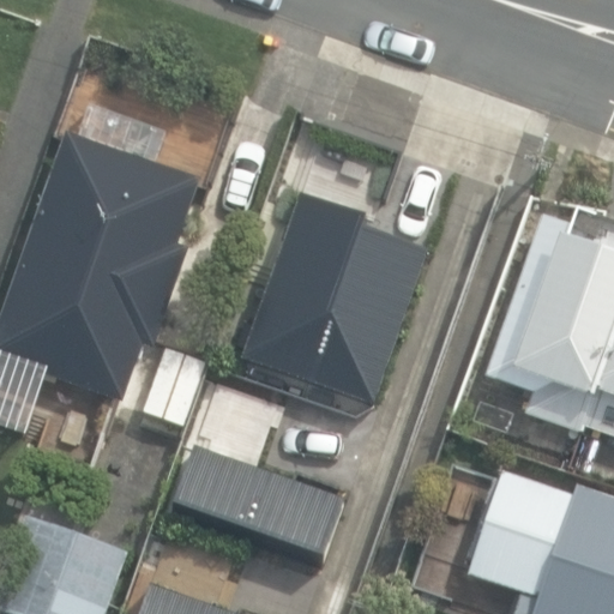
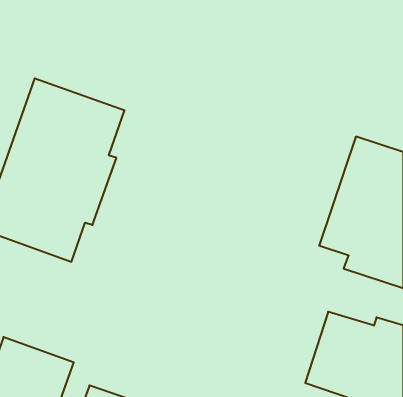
building: [242,192,429,404] -> none
building: [173,445,343,562] -> none

